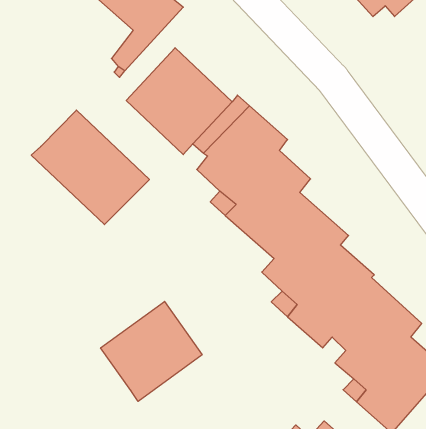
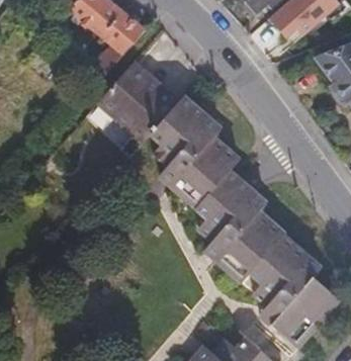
building: [31,110,149,225] -> none
building: [101,301,202,401] -> none

